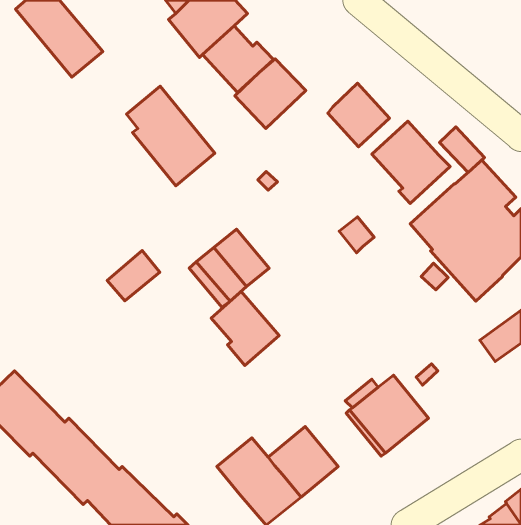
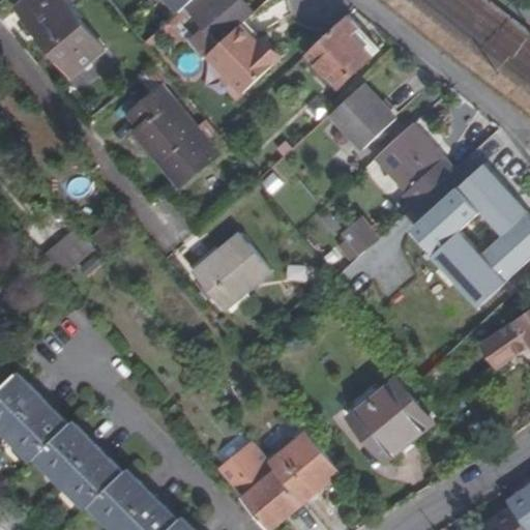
building: [235,59,306,129] -> [305,14,377,85]
building: [439,127,484,172] -> none
building: [107,251,160,301] -> [41,227,94,277]
building: [211,291,279,365] -> none

